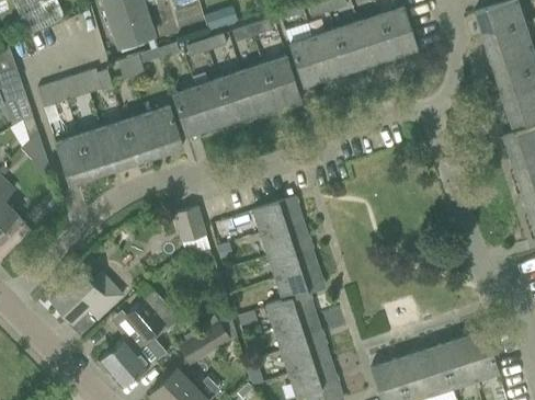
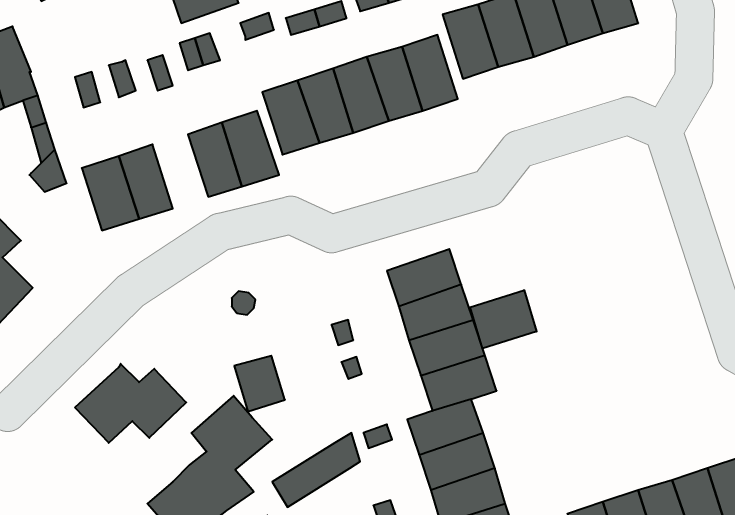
building: [101,121,137,169] -> none
building: [173,206,206,242] -> [234,356,285,411]
building: none -> [470,290,537,349]

